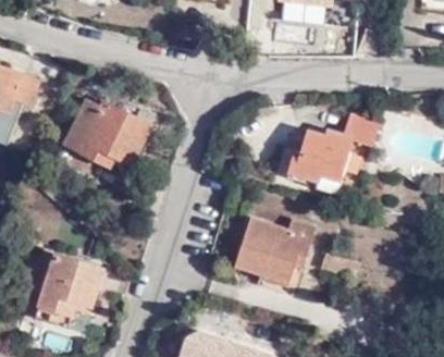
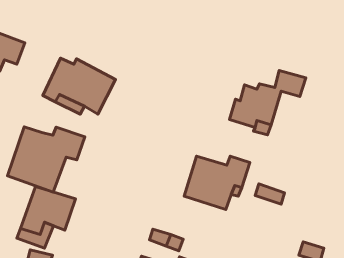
building: none -> [7,127,85,192]

